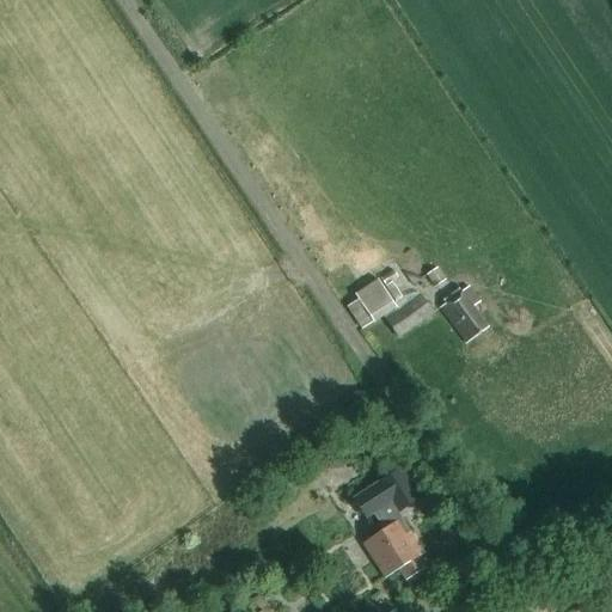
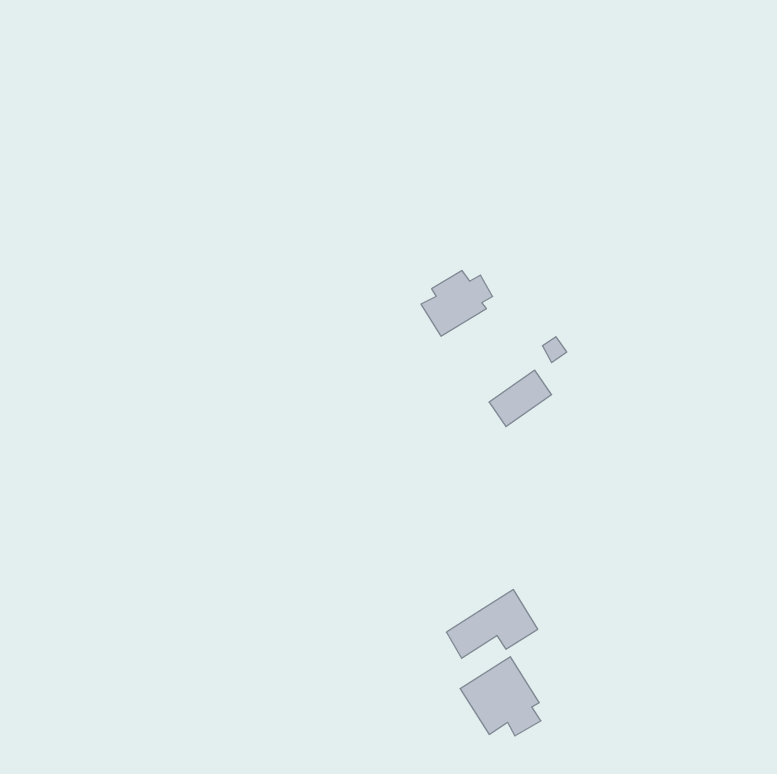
building: [347,275,403,326] -> [421,271,493,336]
building: [440,283,489,341] -> none

